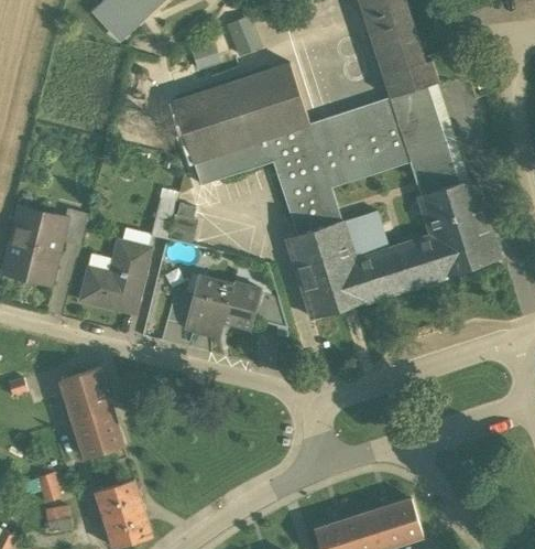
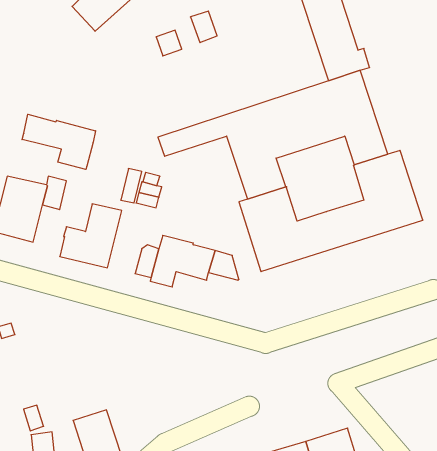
building: [172,63,309,163] -> none
building: none -> [22,114,96,169]
building: [341,212,387,260] -> none
building: [61,368,123,458] -> none

